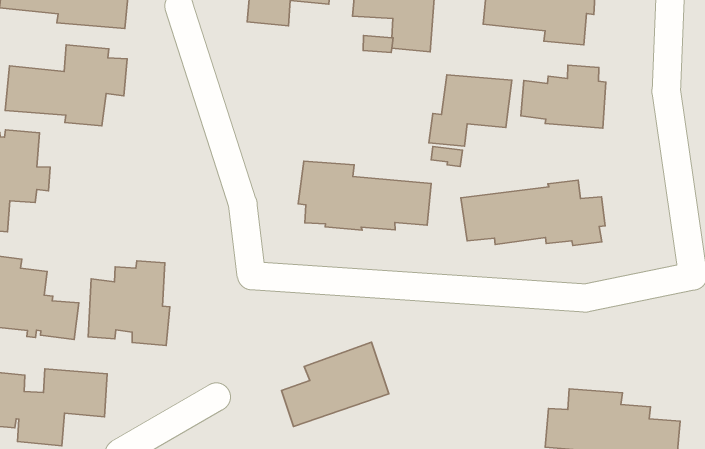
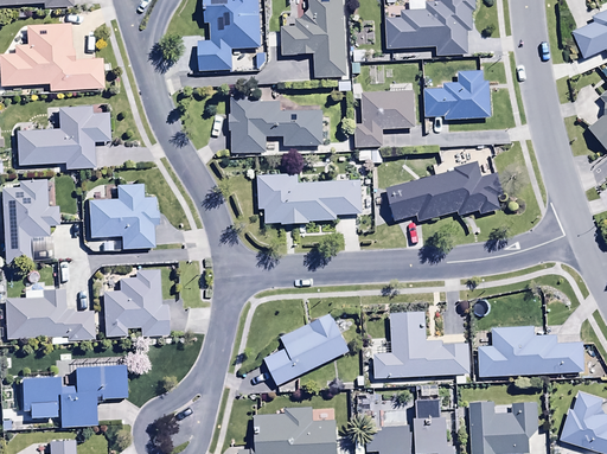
building: none -> [229,95,325,152]
building: none -> [89,184,158,248]
building: none -> [373,311,469,377]

